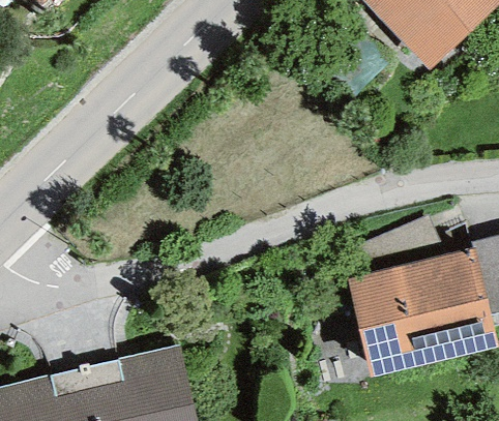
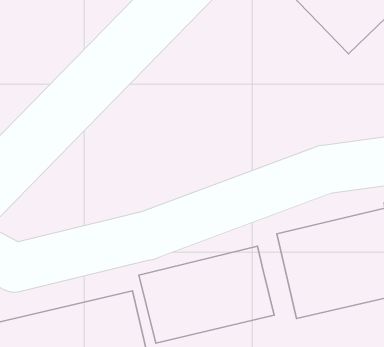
building: none -> [139,246,274,343]

